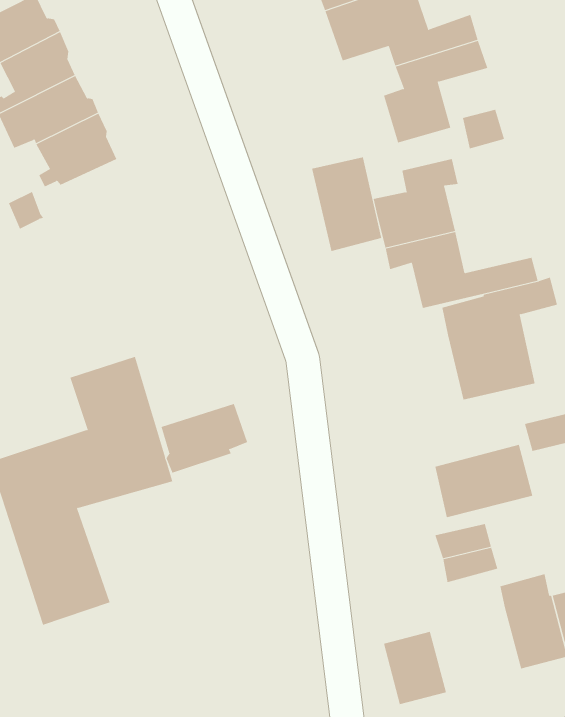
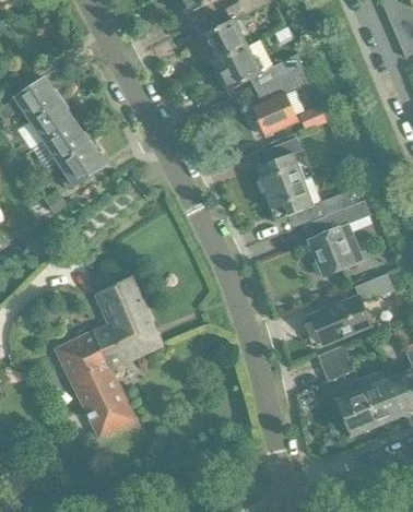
building: [312,156,382,252] -> none
building: [161,403,248,473] -> none
building: [383,631,447,705] -> [337,392,377,437]

